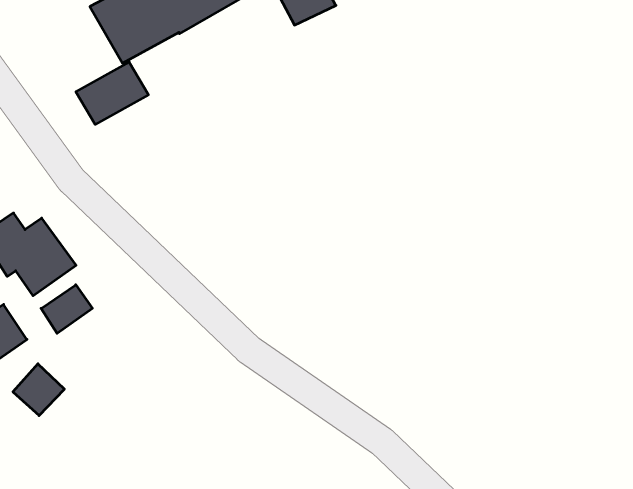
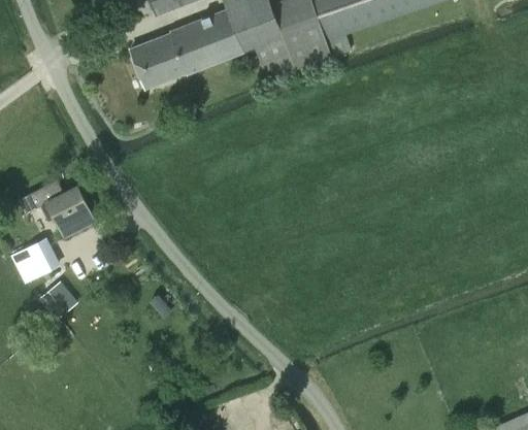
building: [76,62,148,124] -> none
building: [41,285,92,333] -> none

